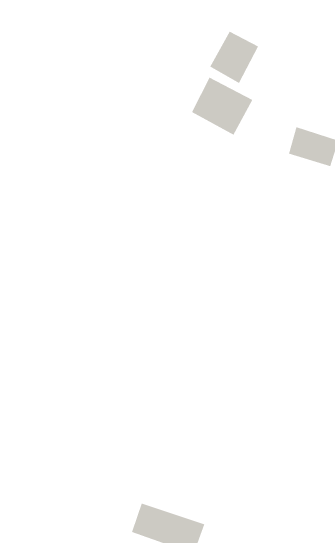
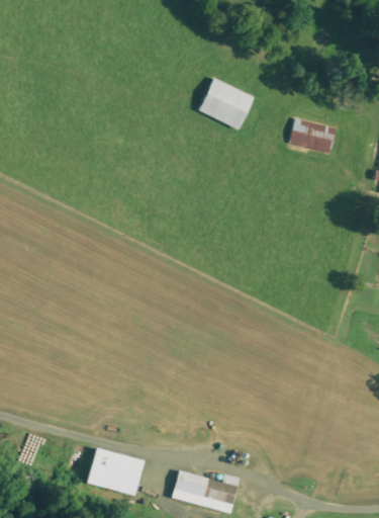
building: [209,31,259,84] -> none
building: none -> [87,447,144,495]

